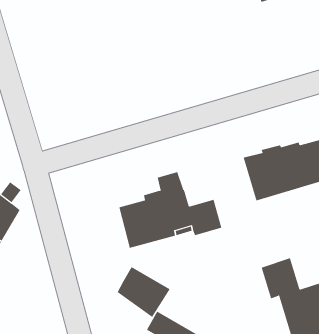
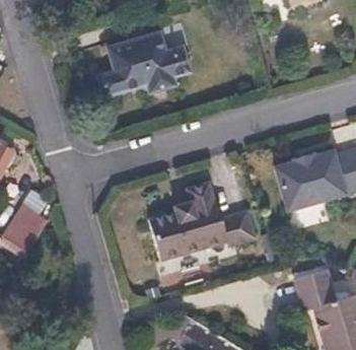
building: none -> [98,33,190,96]
building: [117,266,171,318] -> none

